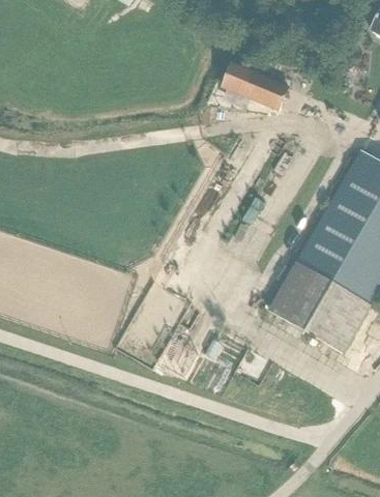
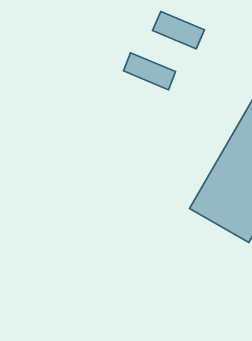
building: none -> [123,53,176,90]

